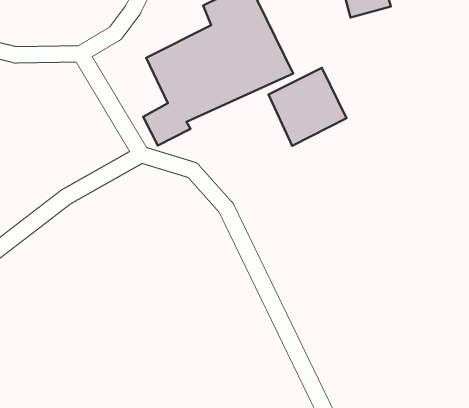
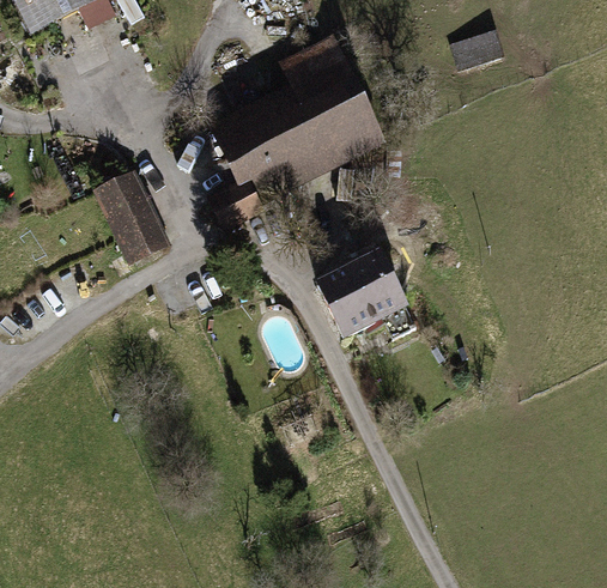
building: [269,68,347,146] -> [315,247,409,341]
building: none -> [92,170,168,261]

